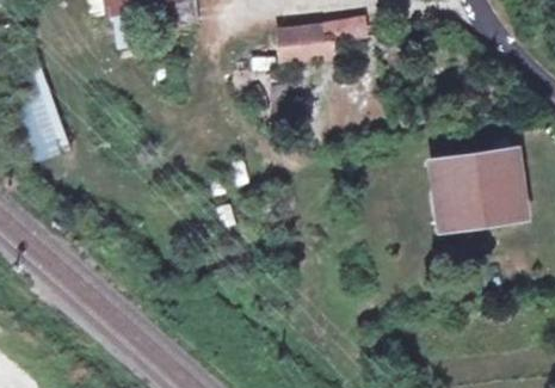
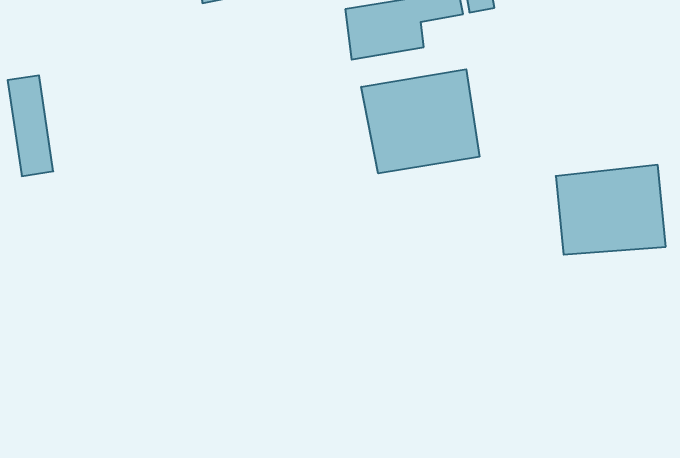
building: none -> [361,69,479,173]

